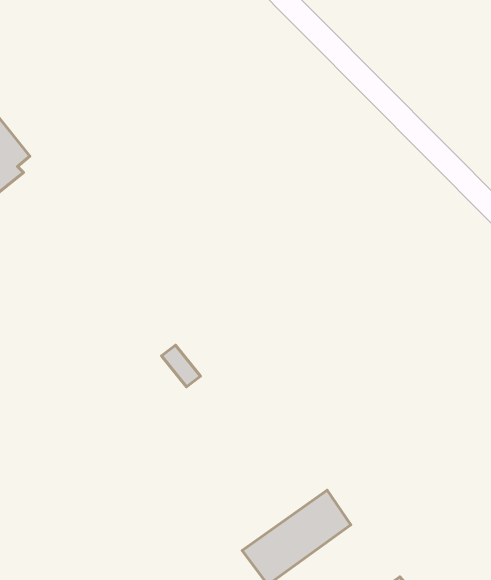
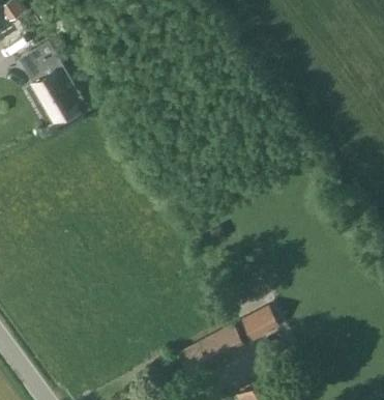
building: none -> [240,307,278,343]

